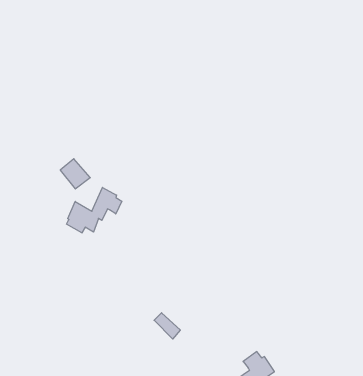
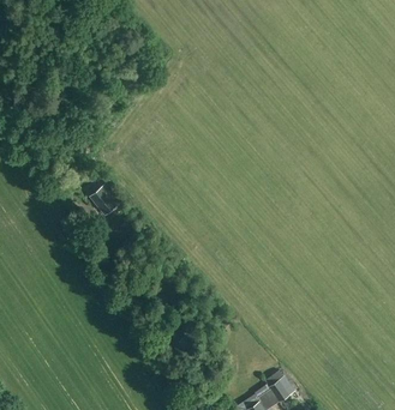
building: [67,187,122,233] -> none

